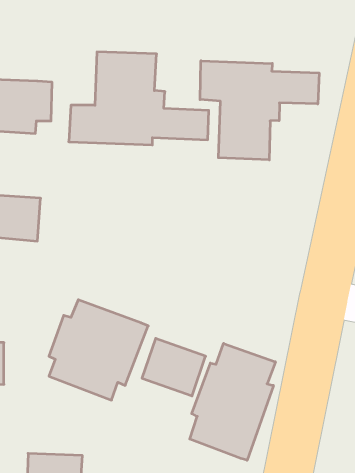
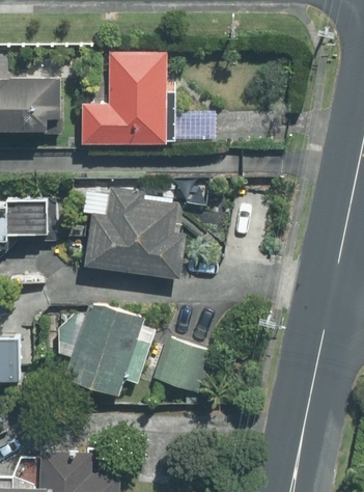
building: [200,61,319,160] -> none
building: none -> [81,187,186,275]
building: [190,343,275,460] -> none

